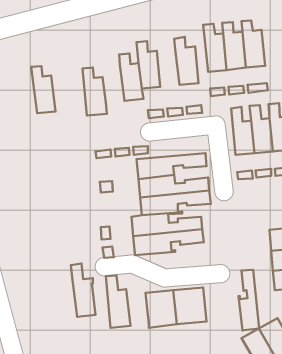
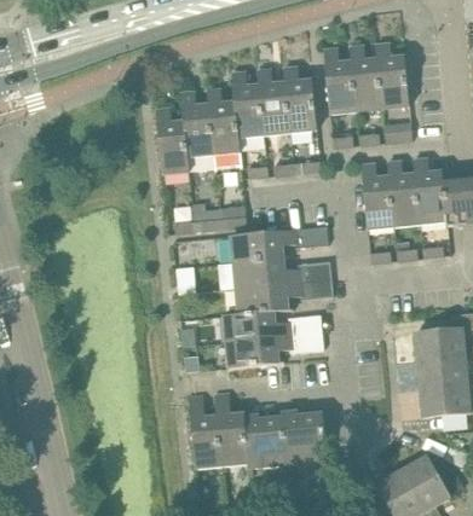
building: none -> [258,68,290,134]
building: [31,66,56,113] -> [180,91,214,156]
building: [71,263,95,317] -> [214,392,248,465]
building: [238,270,259,330] -> none

